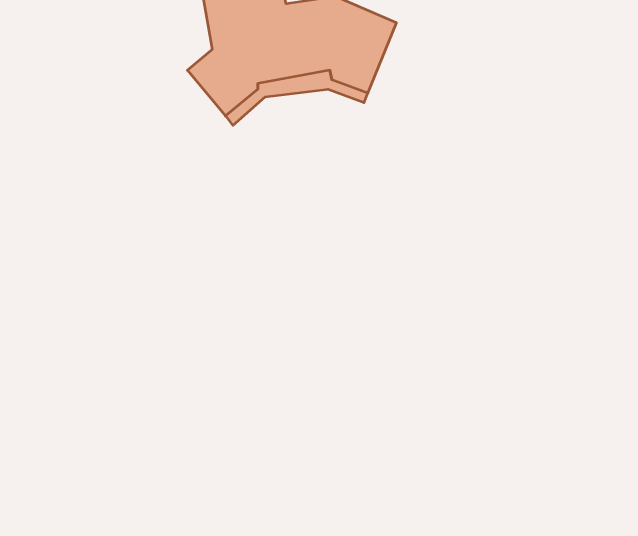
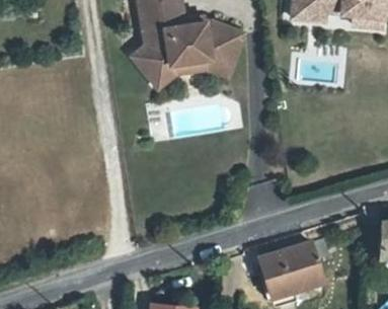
building: none -> [267,242,328,294]

